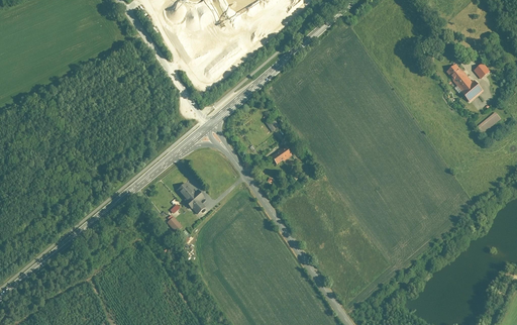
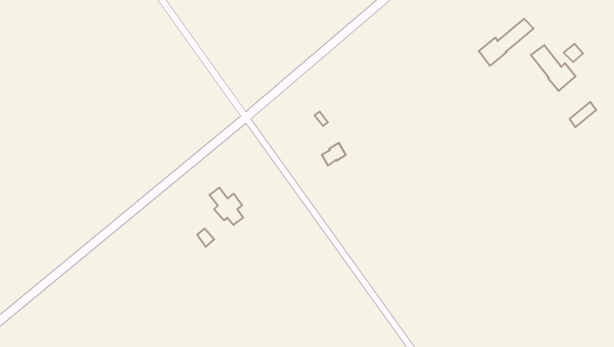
building: none -> [479,19,534,66]

